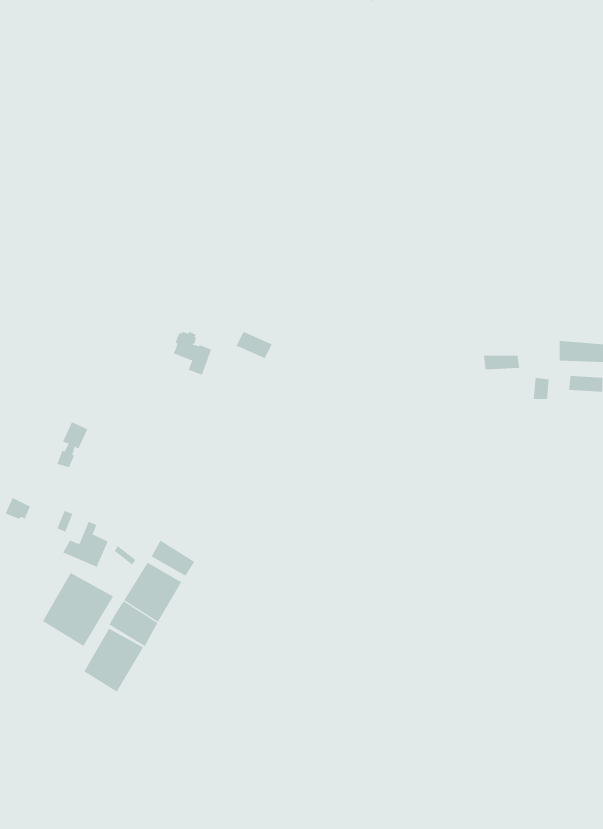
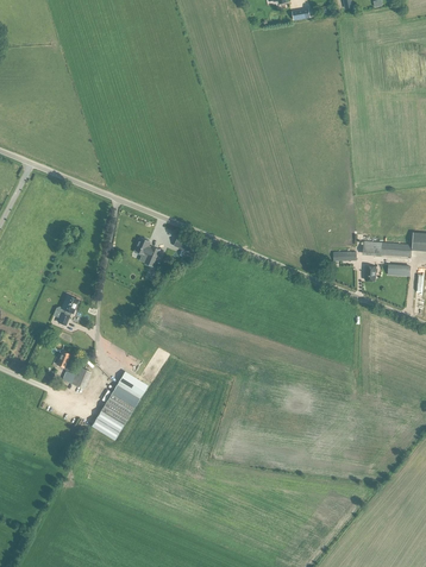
building: [42,572,114,647] -> none
building: [83,628,144,692] -> none

